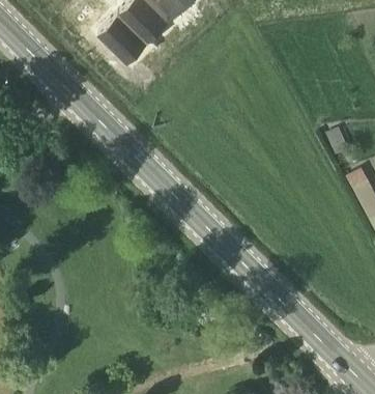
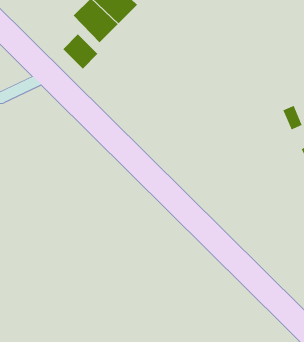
building: none -> [62,33,98,70]

